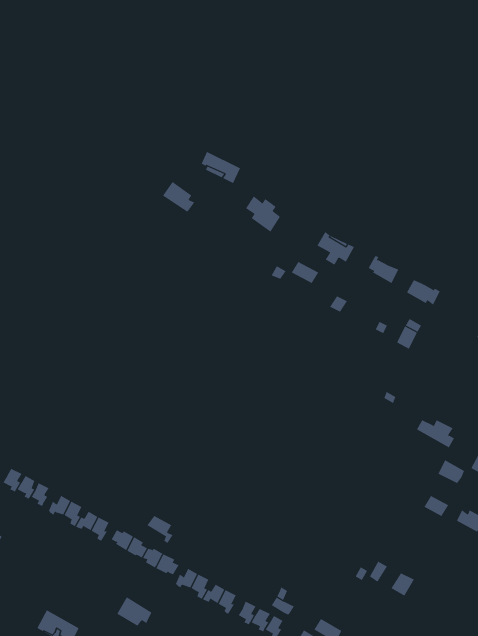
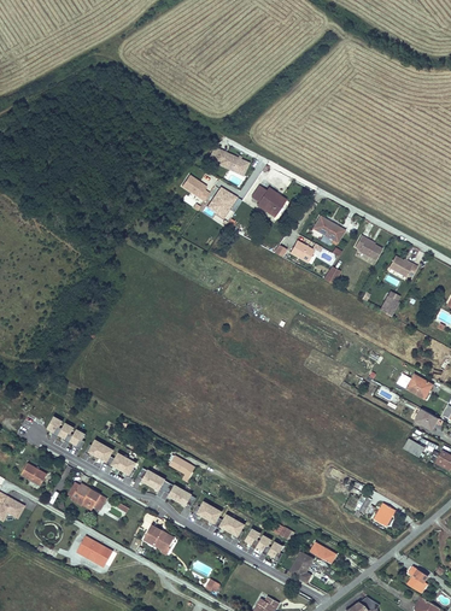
building: none -> [207,186,242,218]
building: none -> [69,482,107,510]

